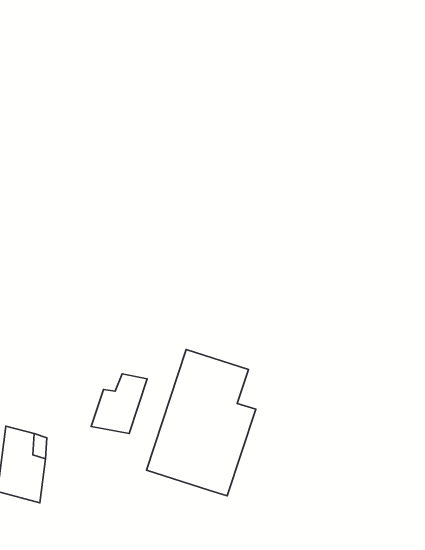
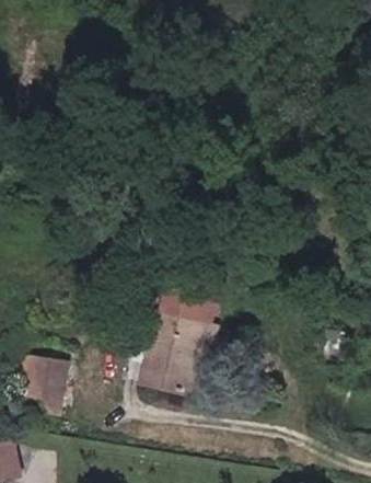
building: [91,374,147,434] -> none

